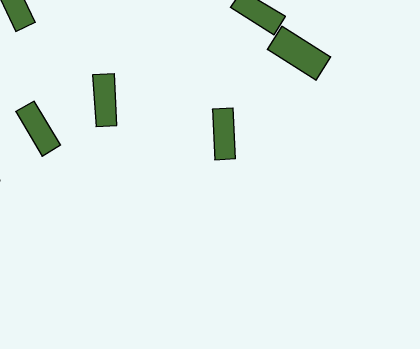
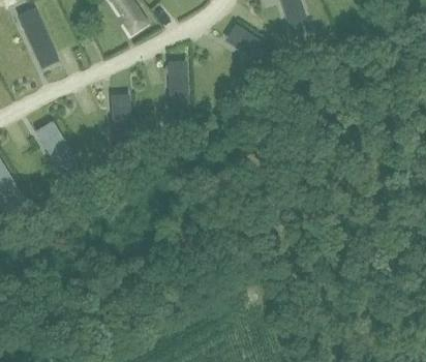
building: [267,26,331,80] -> none
building: [212,108,235,160] -> [164,64,185,111]

